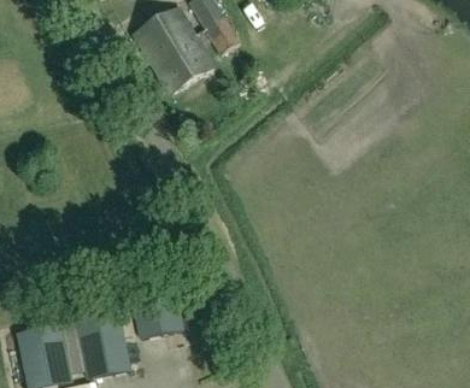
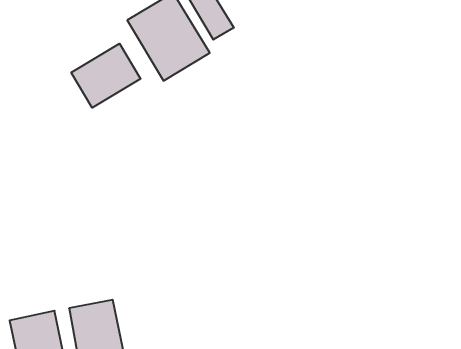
building: none -> [71,44,141,108]
building: [131,299,182,339] -> none

